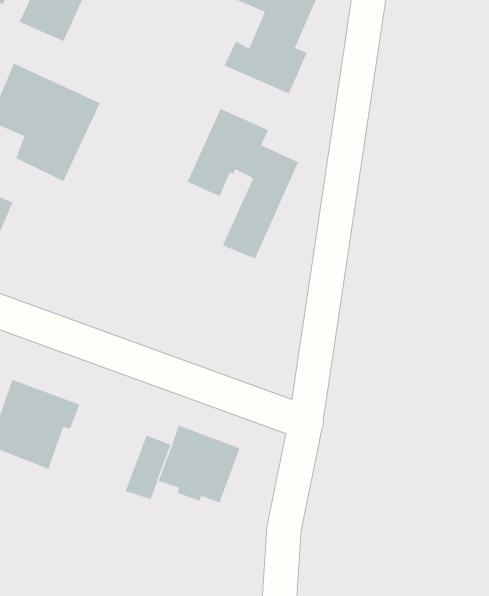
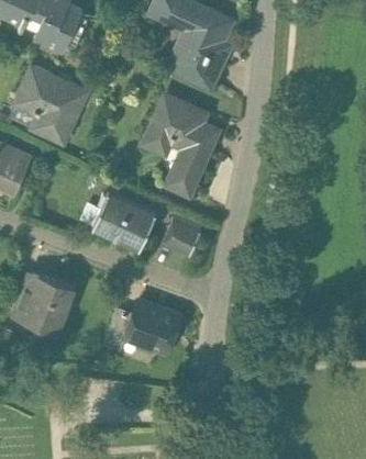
building: none -> [93,192,157,250]
building: none -> [163,221,201,258]

